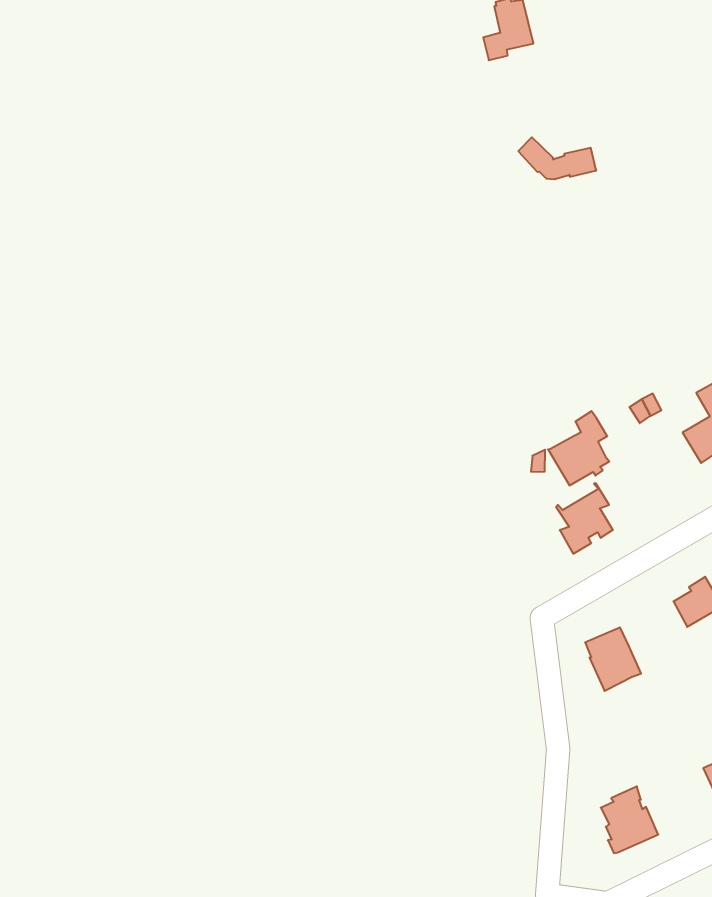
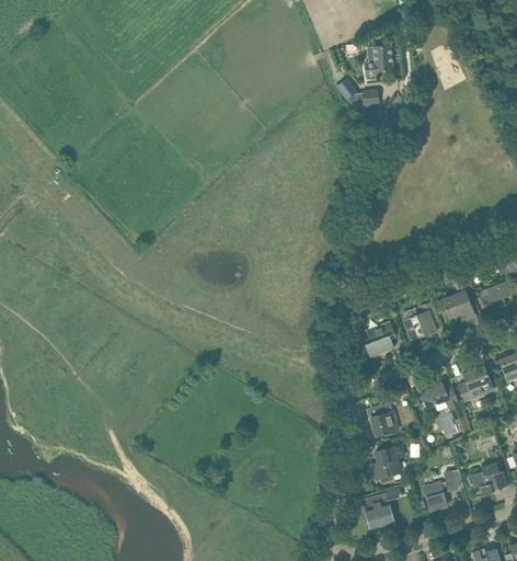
building: [518,137,596,179] -> [337,79,379,104]
building: [548,411,609,485] -> [403,301,437,341]
building: none -> [370,444,403,483]

